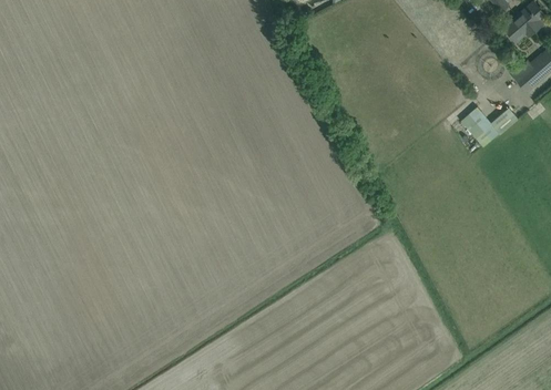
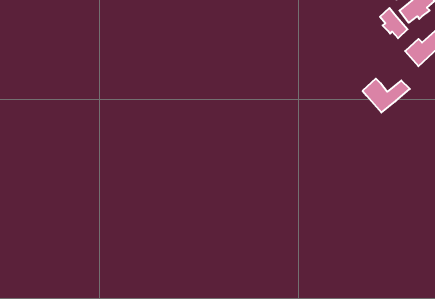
building: none -> [380,8,408,38]

